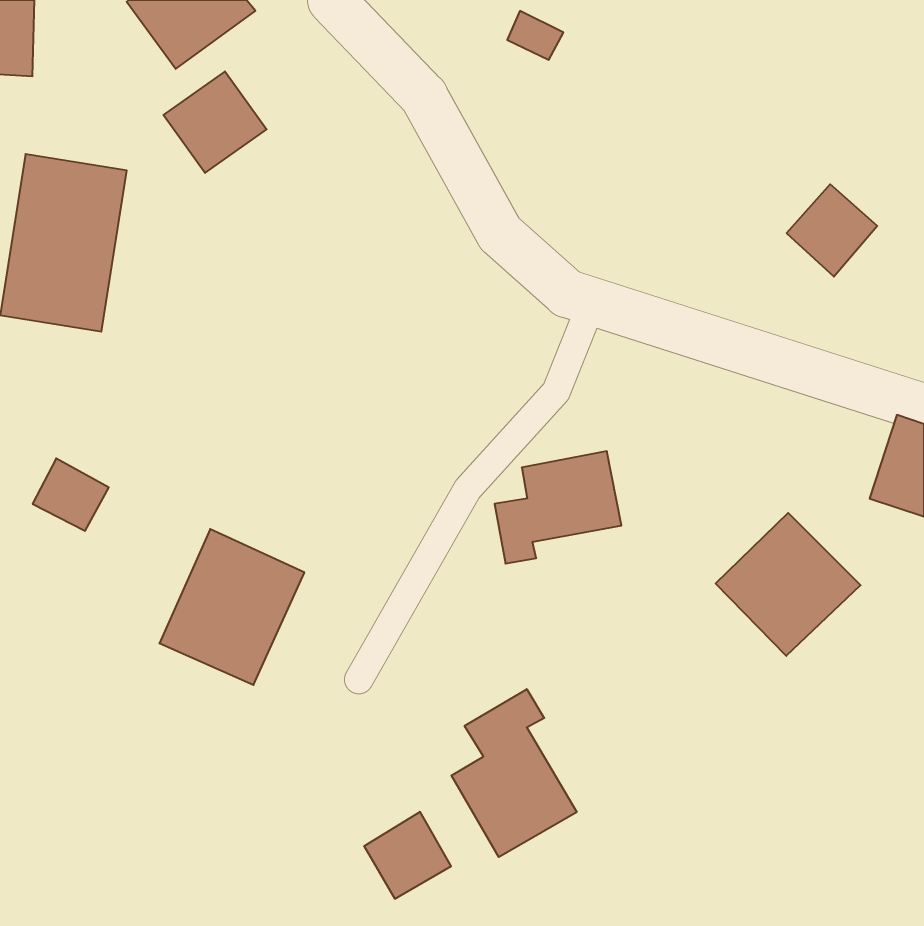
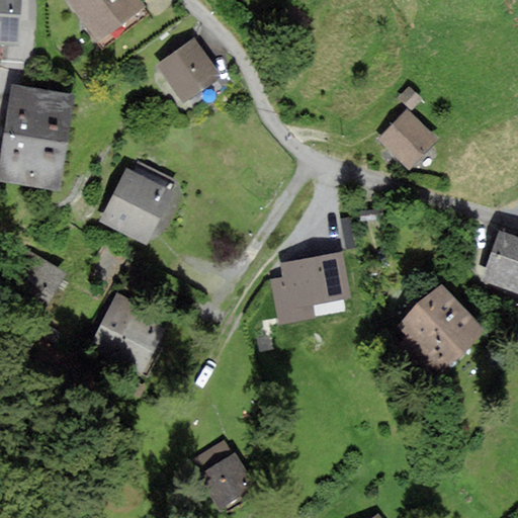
building: [163,71,267,173] -> [160,40,218,97]
building: [787,184,877,277] -> [383,113,434,165]
building: none -> [103,164,179,241]
building: [451,689,577,857] -> none

